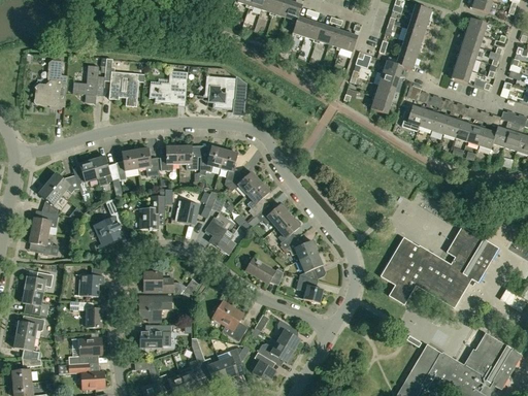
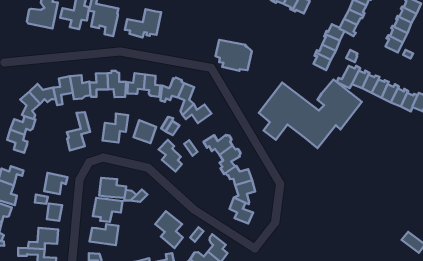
building: [204,75,245,108] -> [215,40,252,71]
building: [246,180,269,217] -> none
building: [381,226,498,307] -> [259,79,362,148]
building: [244,257,284,285] -> none

